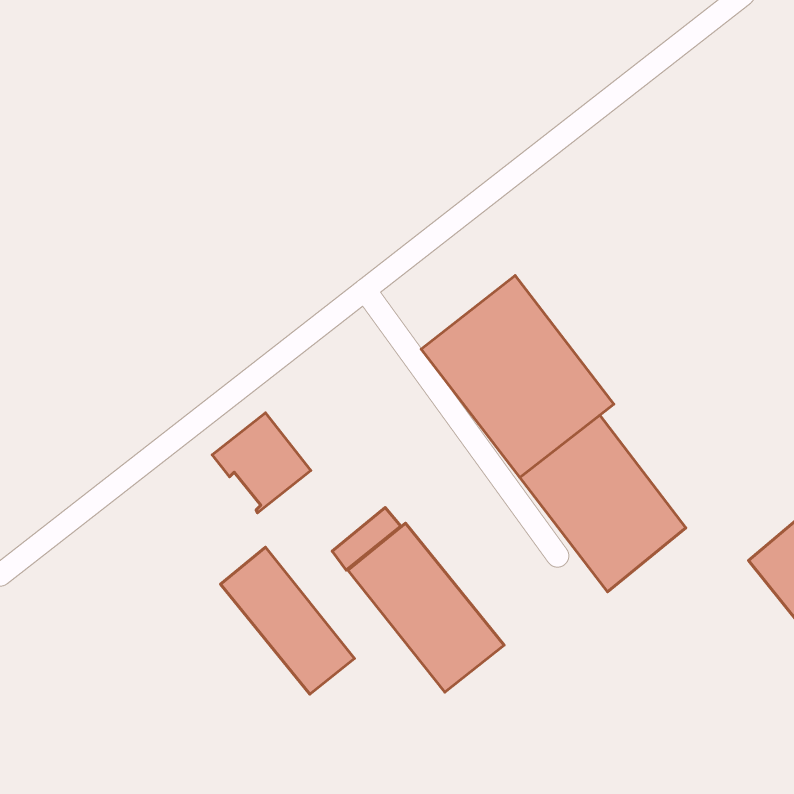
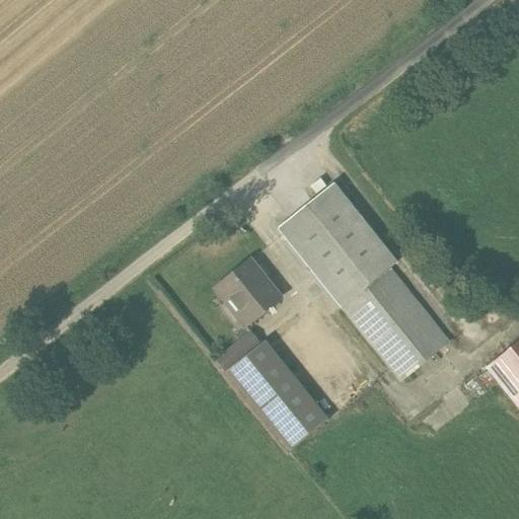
building: [212,413,311,513] -> [218,258,282,323]
building: [221,547,354,694] -> none

